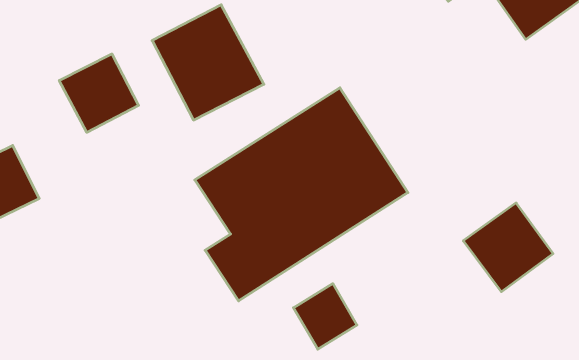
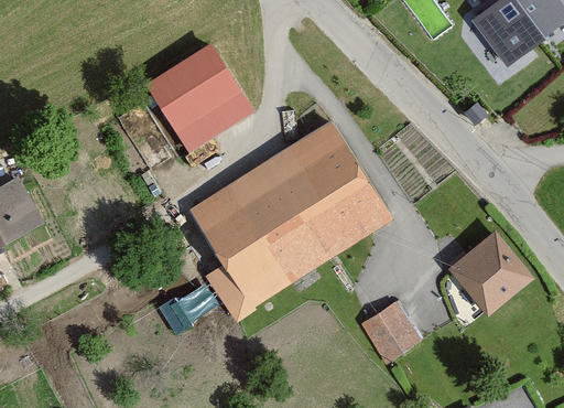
building: [59,54,139,132] -> none
building: [293,284,357,349] -> [360,299,421,362]

